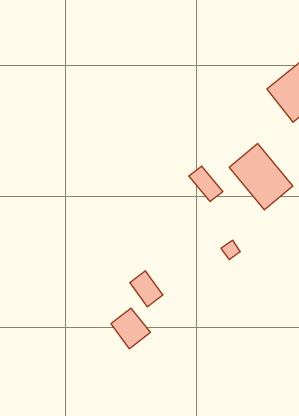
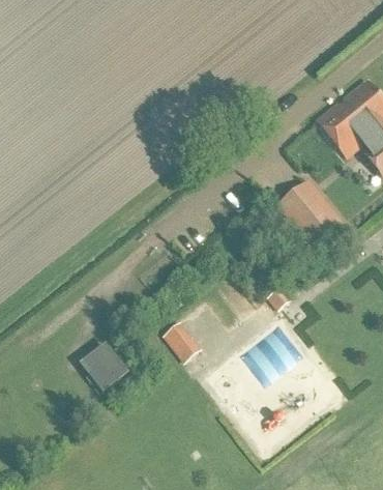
building: [189,166,223,202] -> none
building: [111,308,150,349] -> [83,346,127,392]

